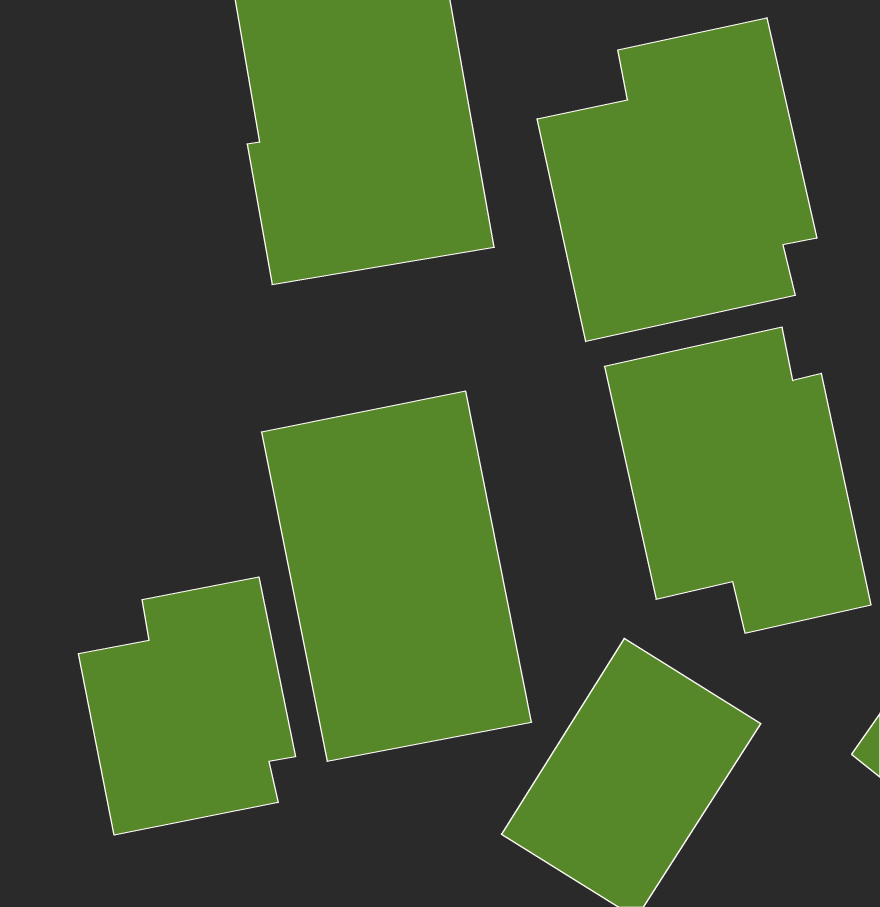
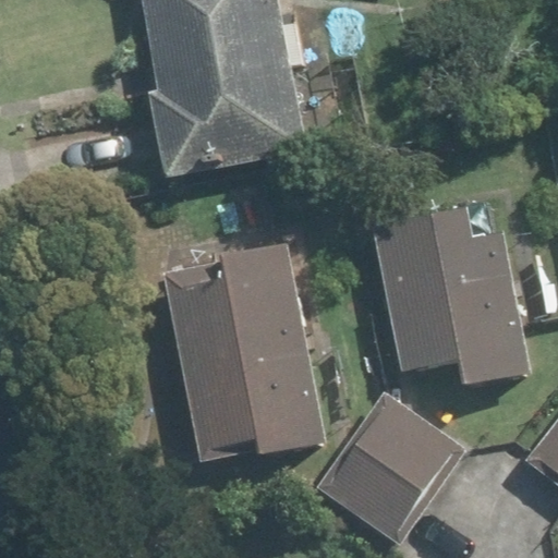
building: [537,18,817,342] -> none
building: [78,577,295,835] -> none

